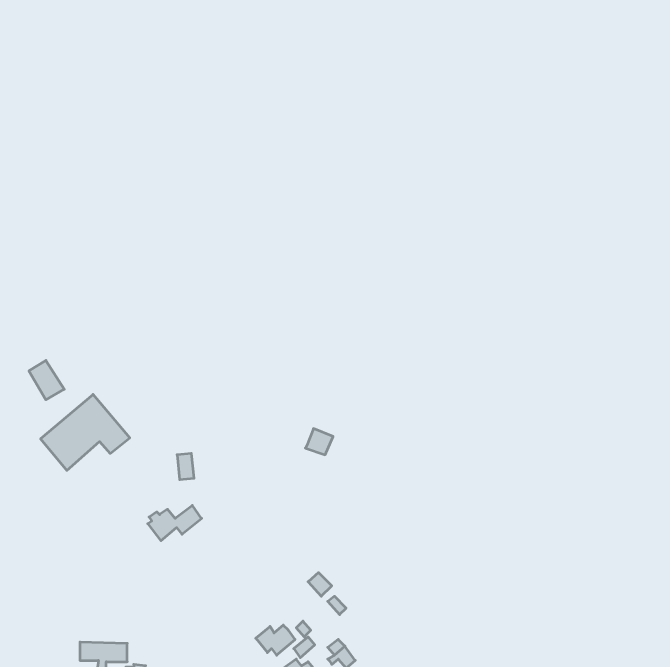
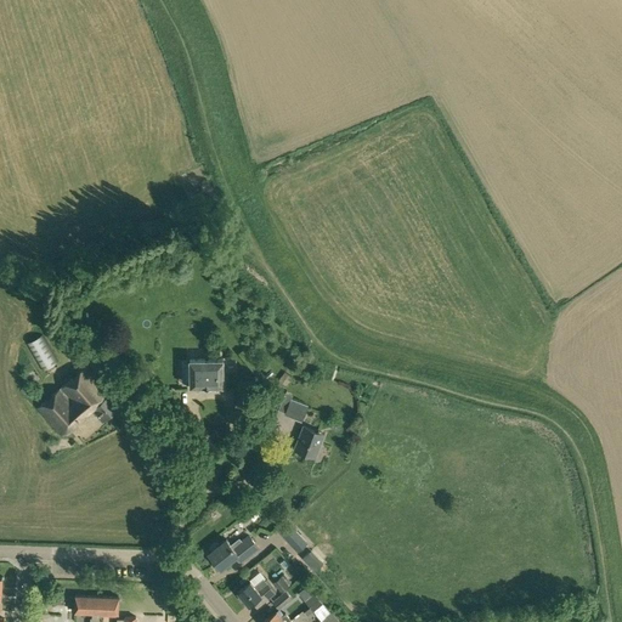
building: none -> [190,361,224,388]
building: none -> [294,429,324,459]
building: [148,505,202,541] -> [208,538,258,571]

